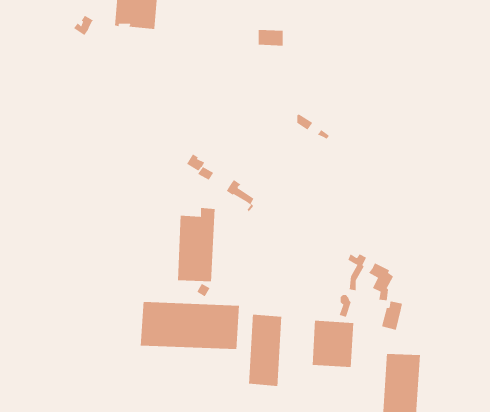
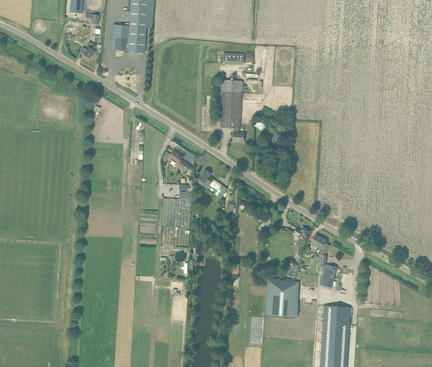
building: none -> [220,79,244,140]
building: [140,301,240,350] -> none
building: [249,314,282,387] -> none

